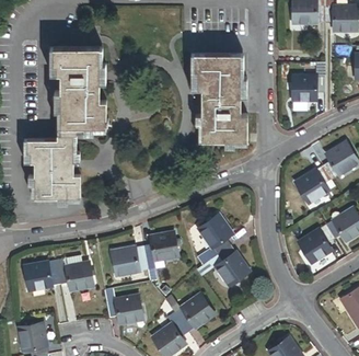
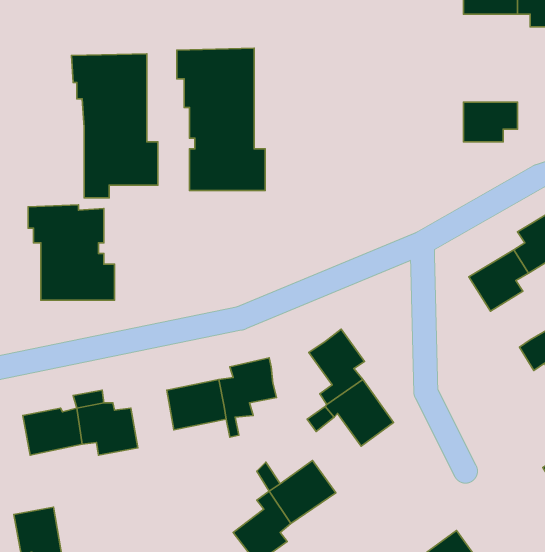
building: [194,54,247,140] -> [177,48,265,190]
building: [299,226,335,264] -> none
building: [105,289,142,324] -> none

